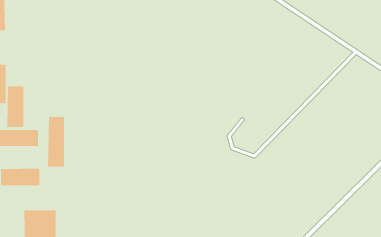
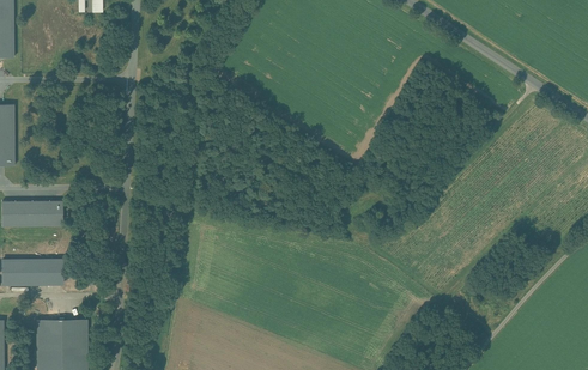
building: [7,85,24,128] -> none
building: [48,116,65,167] -> none

